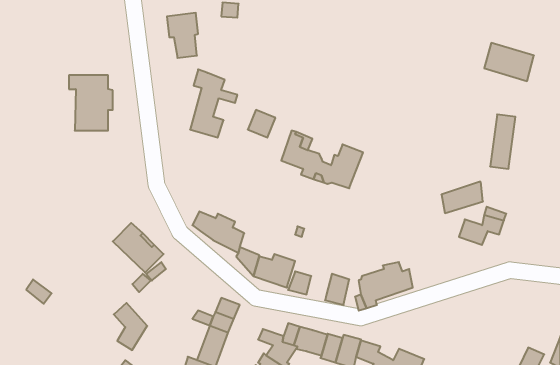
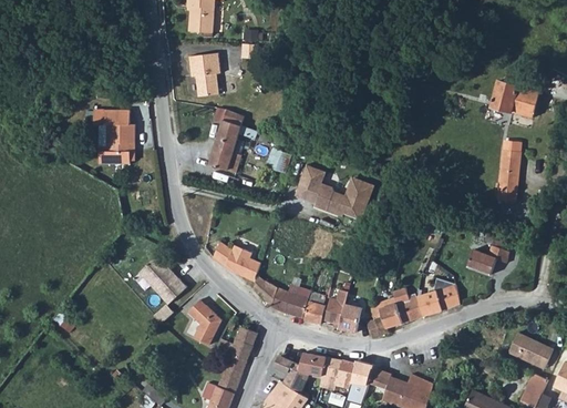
building: [441,182,483,213] -> [420,286,460,316]
building: none -> [324,290,348,328]
building: [114,303,147,350] -> [187,296,219,341]
building: none -> [509,334,554,370]

